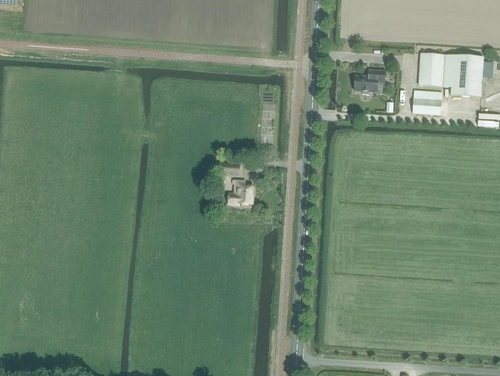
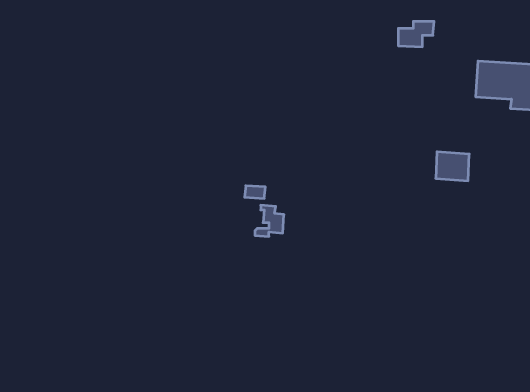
building: [355,71,386,93] -> [398,21,434,47]
building: [413,89,442,114] -> [436,152,469,181]

